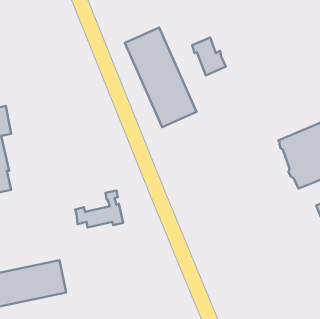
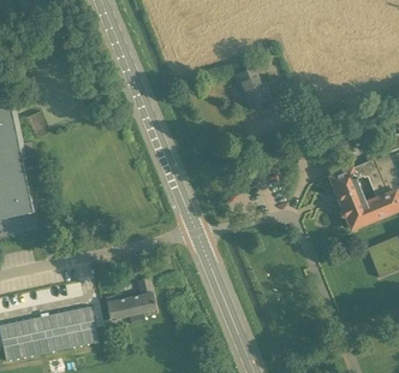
building: [125,28,197,127] -> none
building: [75,190,123,227] -> [105,277,156,316]

